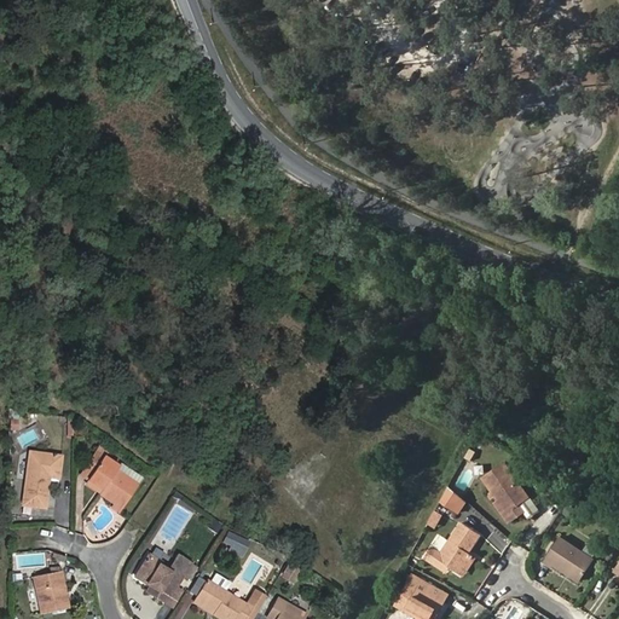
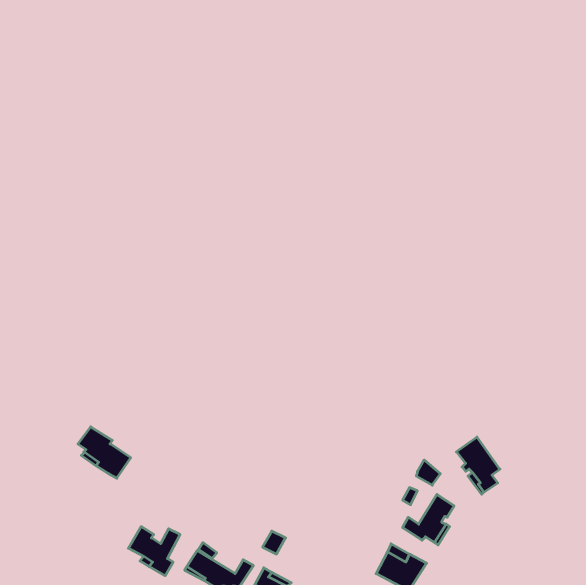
building: [23,451,60,507] -> none
building: [543,536,594,579] -> none
building: [34,571,68,613] -> none

